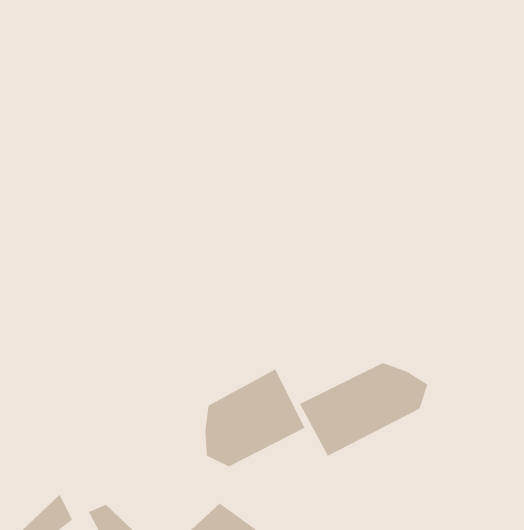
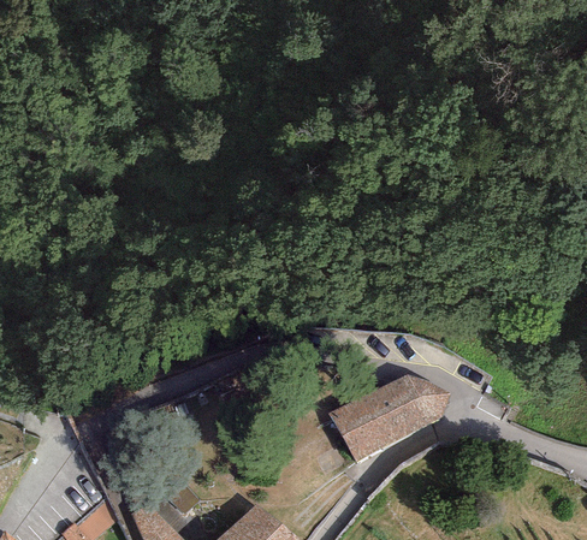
building: [205,369,305,467] -> none

